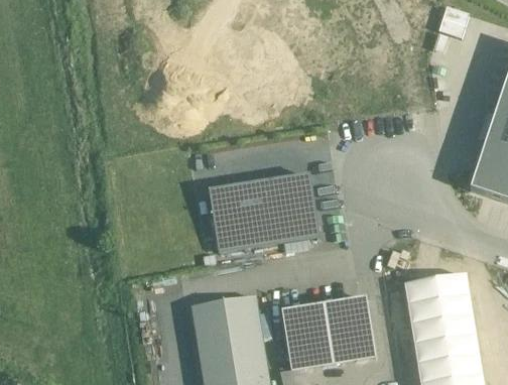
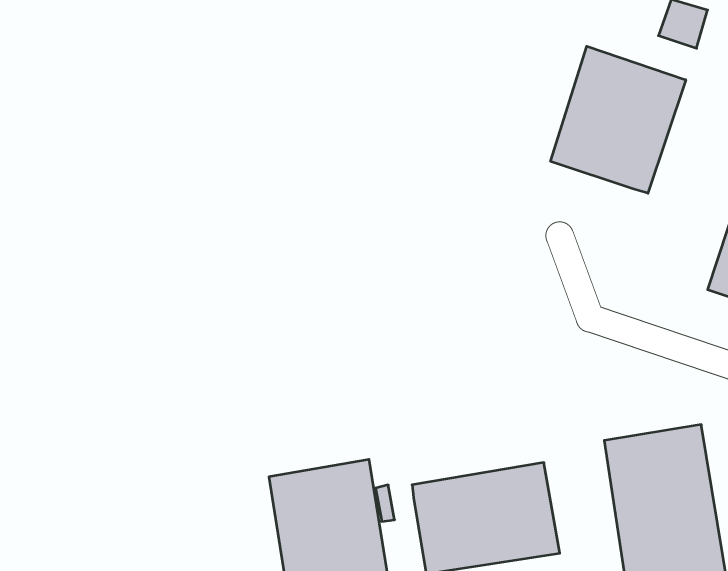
building: none -> [551,46,686,193]
building: [210,175,320,252] -> none

